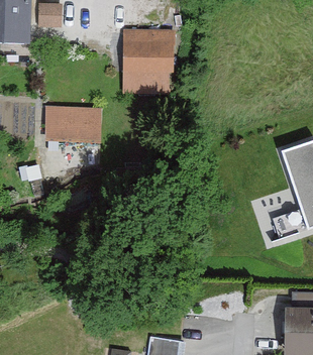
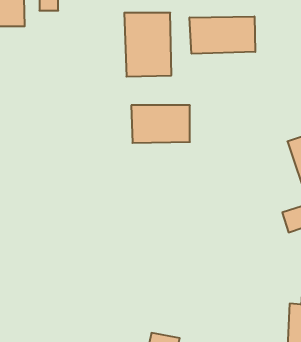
building: none -> [190,16,255,54]
building: [46,106,103,142] -> [131,105,190,143]

